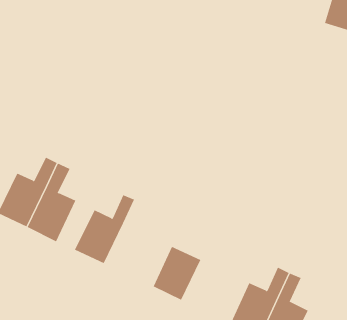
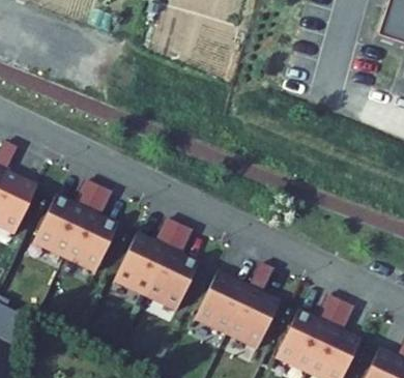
building: none -> [145,226,196,308]
building: none -> [226,264,278,346]

